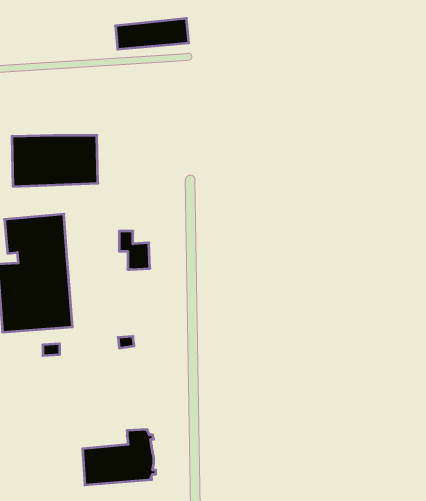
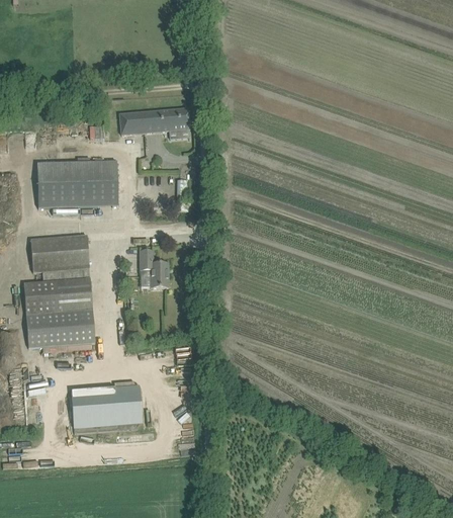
building: [115,18,189,49] -> [118,105,188,135]
building: [83,430,156,485] -> [71,380,141,433]

